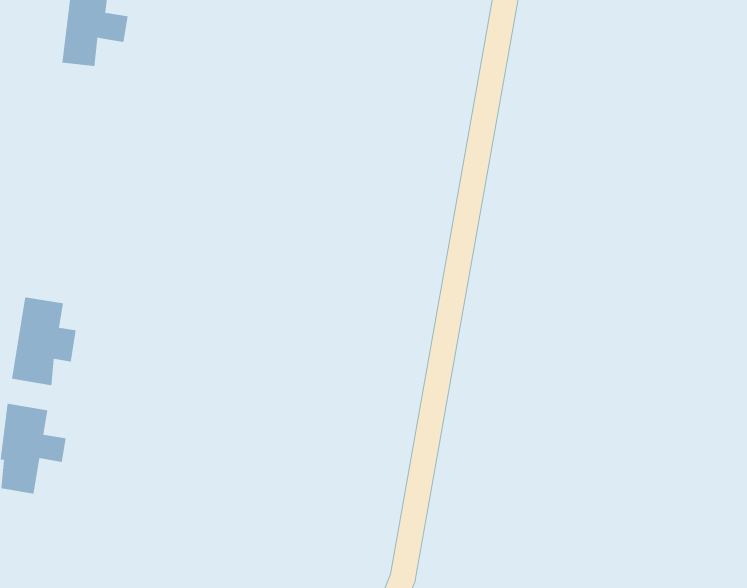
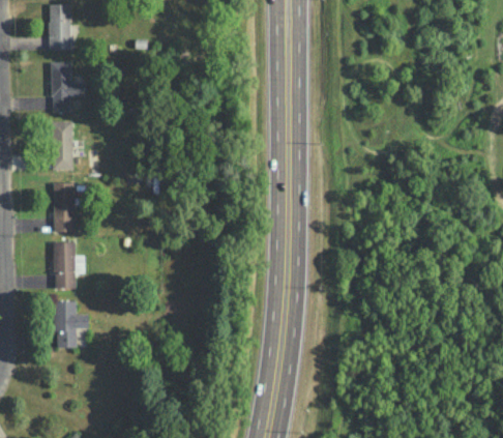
building: none -> [51,121,72,170]
building: none -> [53,183,76,232]

